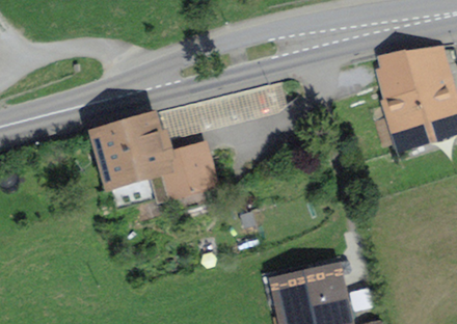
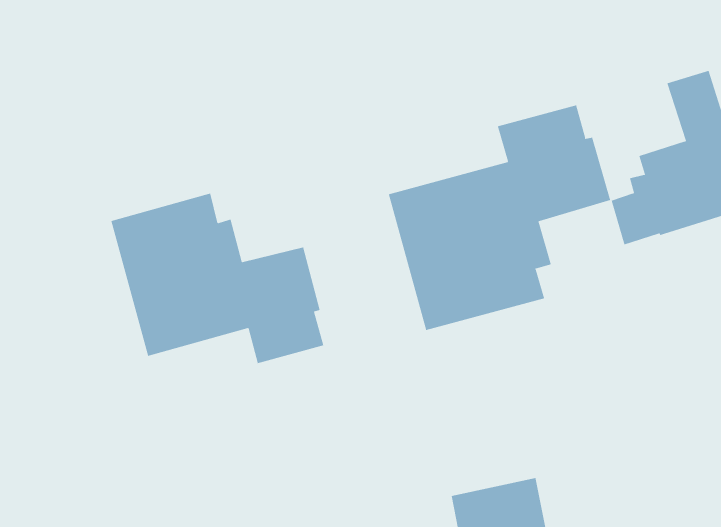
building: [378,45,416,91] -> none
building: none -> [388,104,611,331]

